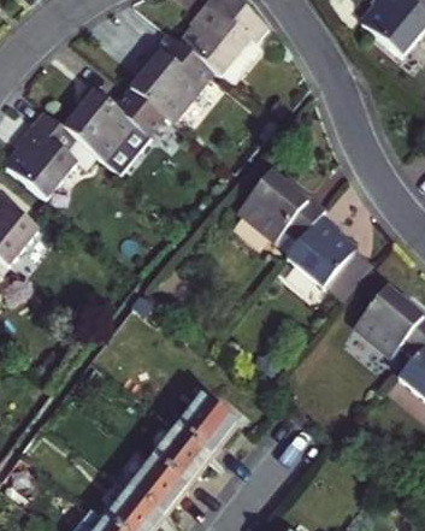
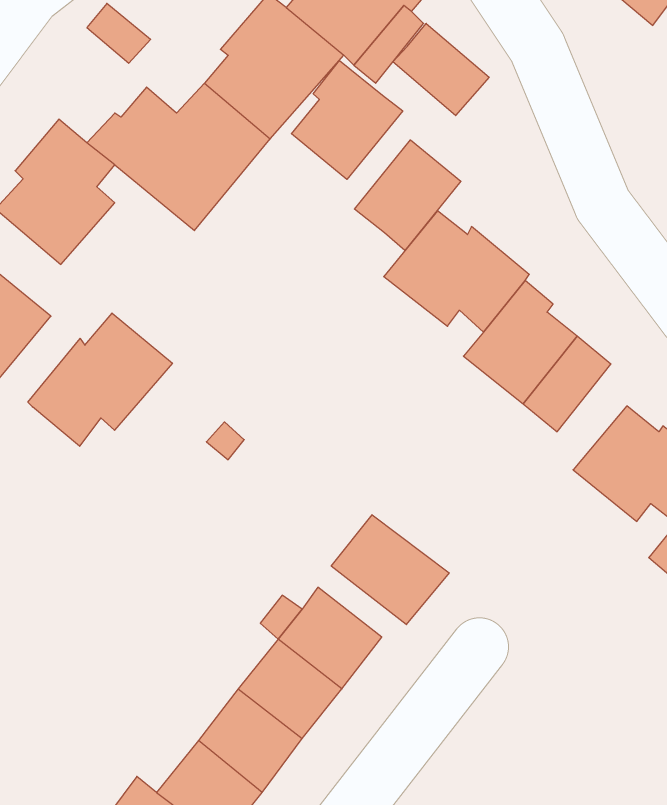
building: none -> [393,23,489,116]
building: none -> [291,60,403,179]
building: none -> [354,140,461,251]
building: none -> [28,313,172,446]
building: none -> [331,515,449,625]

